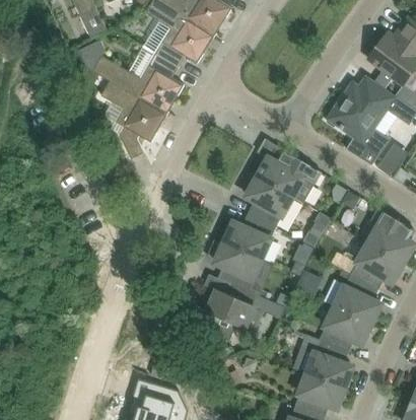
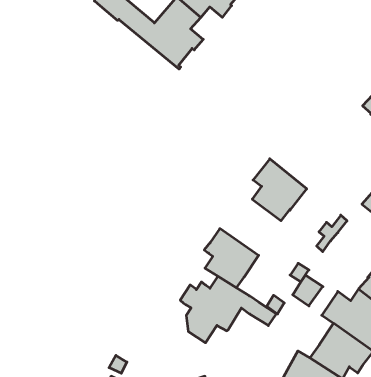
building: [100,80,167,159] -> none
building: [257,150,321,203] -> none
building: [224,213,275,260] -> none

